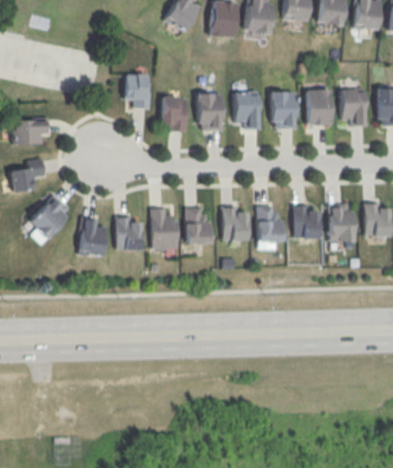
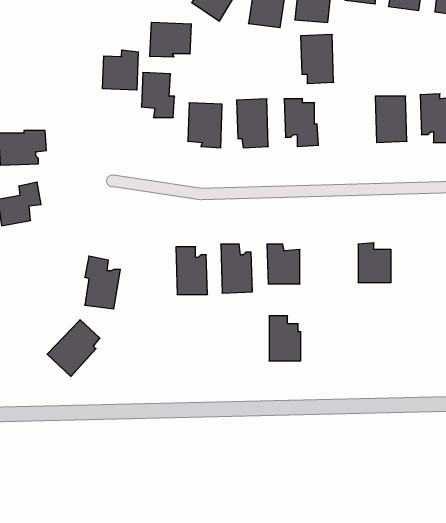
building: none -> [150,22,191,57]
building: none -> [103,50,138,90]
building: [271,92,297,130] -> [301,35,334,84]
building: [29,195,70,239] -> [47,320,100,376]
building: [327,204,354,241] -> none
building: [258,206,283,241] -> [269,316,301,361]
building: [116,218,141,253] -> none

